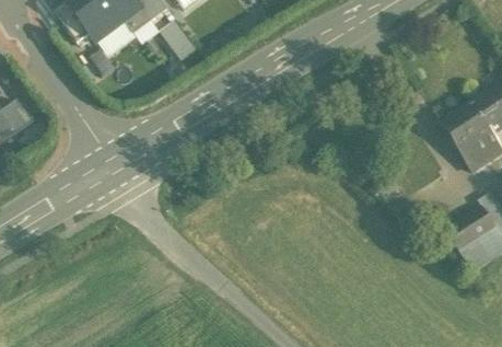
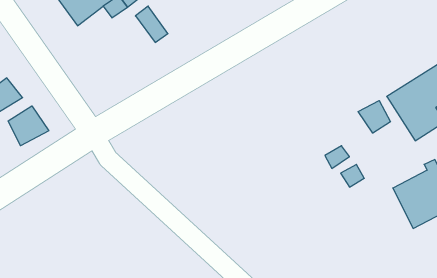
building: none -> [358,101,390,133]
building: none -> [8,106,49,146]

